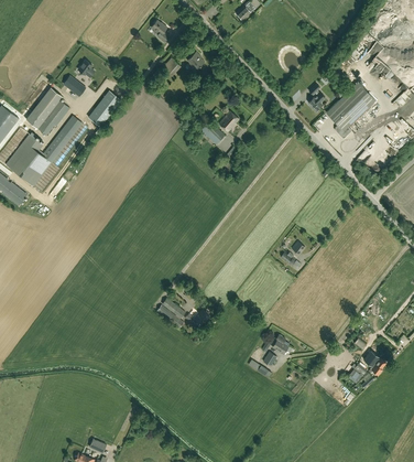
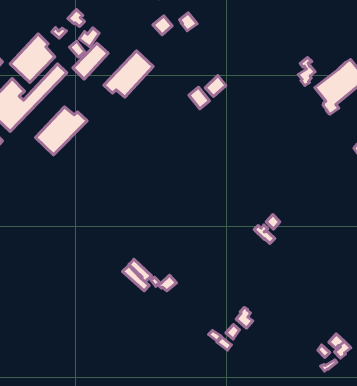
building: none -> [104,51,153,97]
building: none -> [35,107,87,155]

